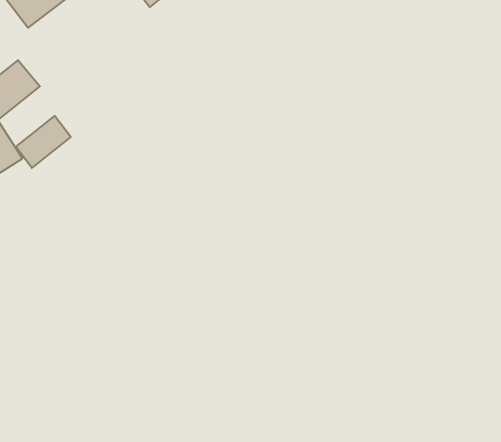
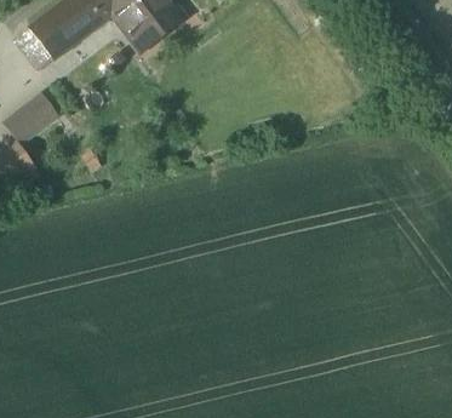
building: [16,116,71,168] -> none

